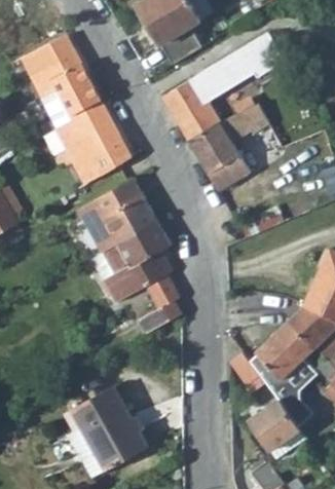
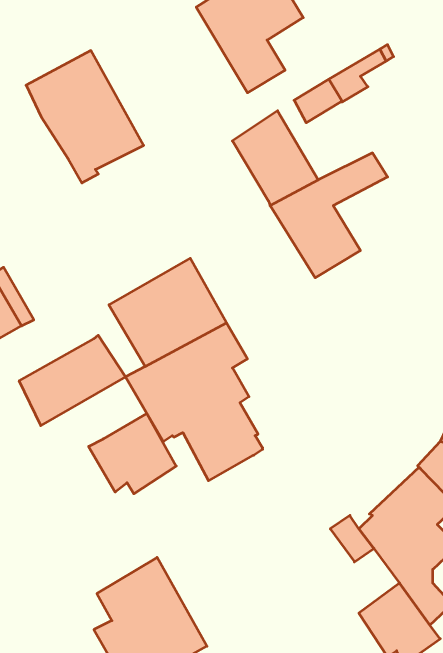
building: [58,101,132,187] -> none
building: none -> [19,335,126,426]
building: none -> [89,414,176,494]

